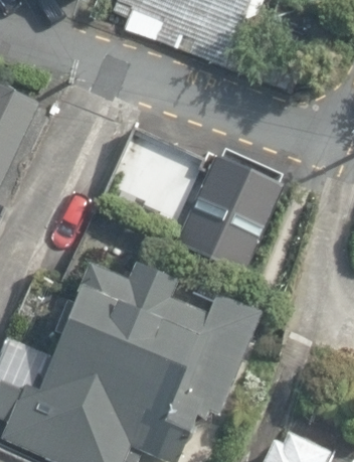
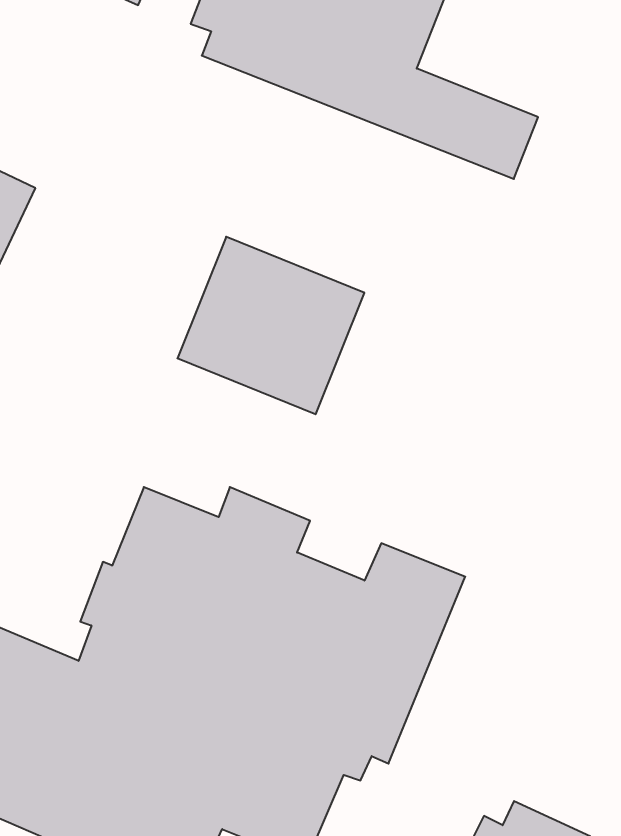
building: [180,148,289,272] -> none

